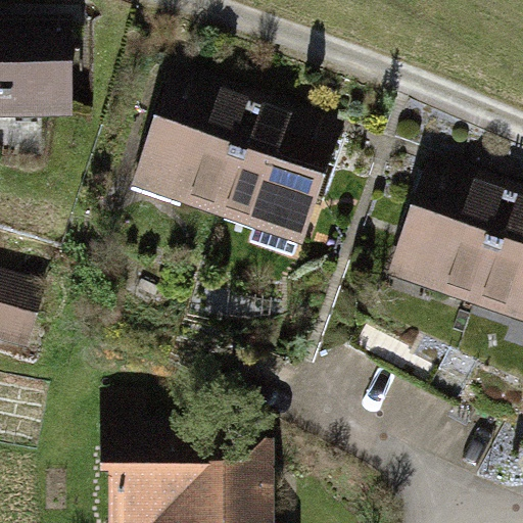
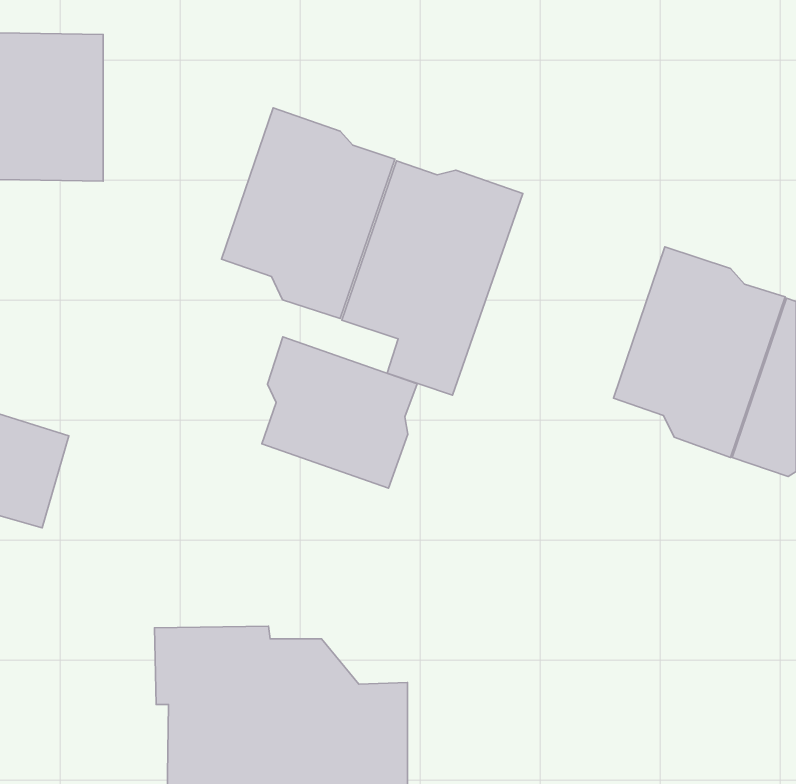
building: none -> [262,337,417,488]

